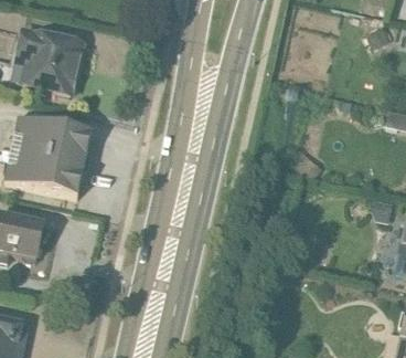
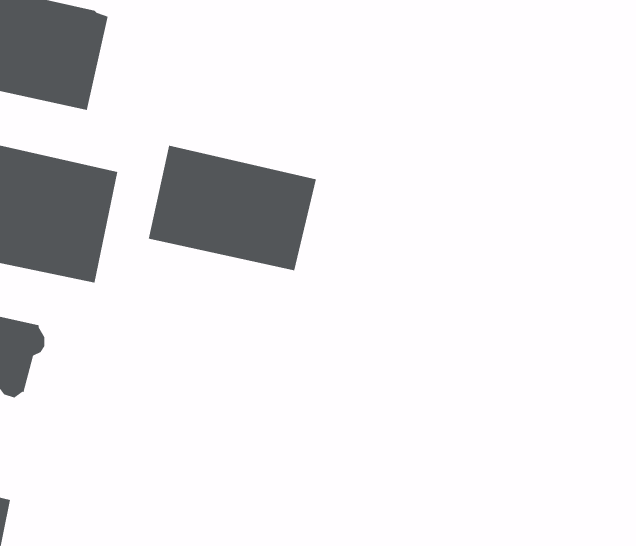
building: none -> [148,145,317,271]

